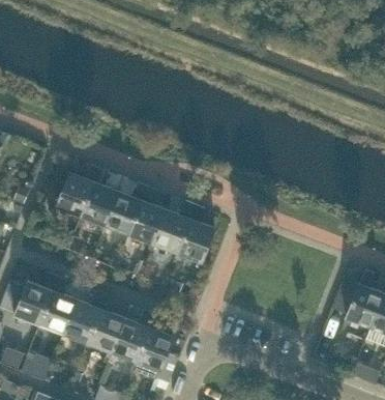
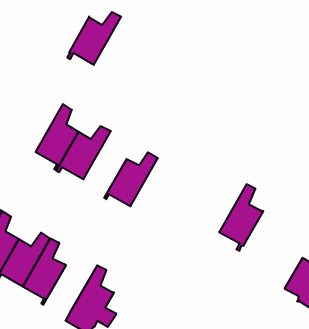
building: [55,166,99,218] -> [67,12,121,65]
building: [129,188,167,251] -> none
building: [177,206,215,269] -> [219,184,263,251]
building: [110,311,154,363] -> none

